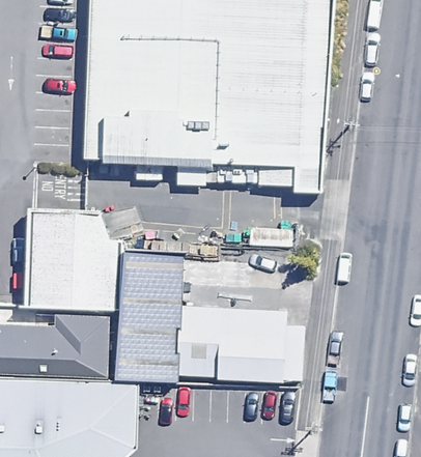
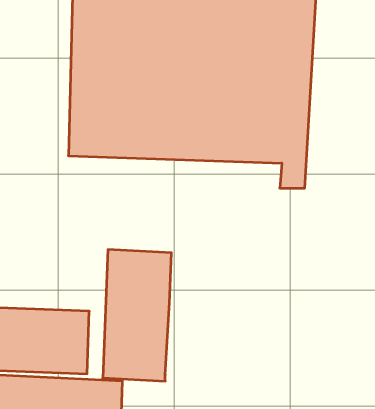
building: [33,206,114,309] -> none
building: [179,306,306,383] -> none

